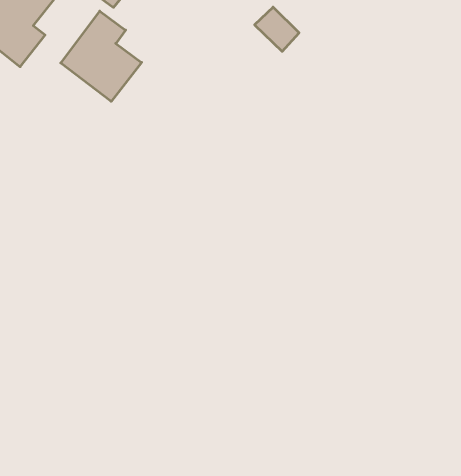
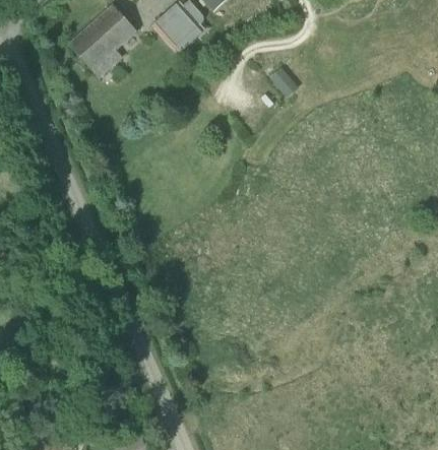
building: [61,11,142,101] -> none

